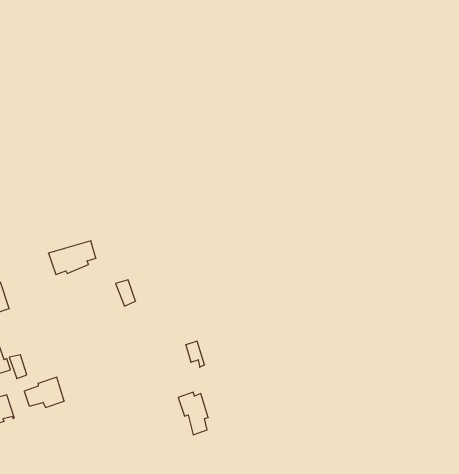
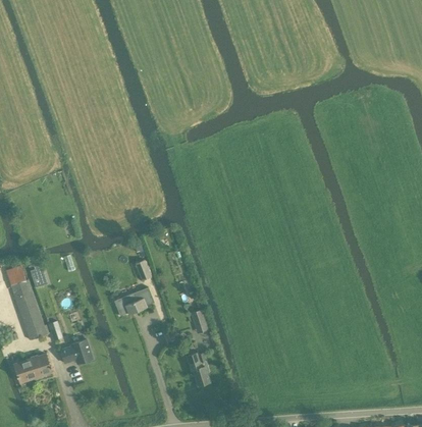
building: [48,241,96,275] -> [113,290,152,318]

